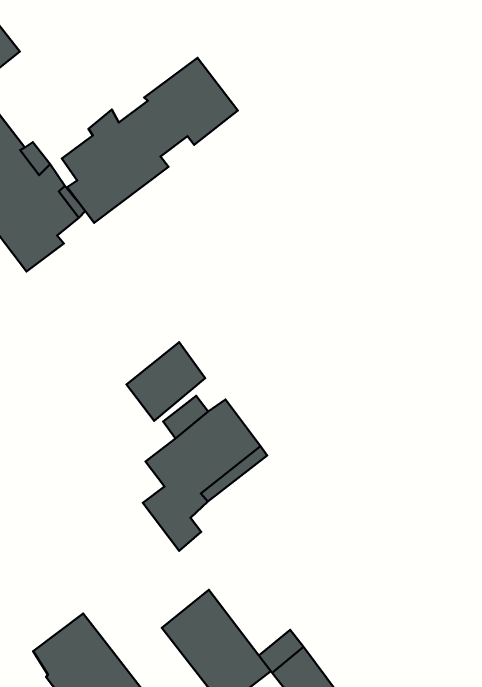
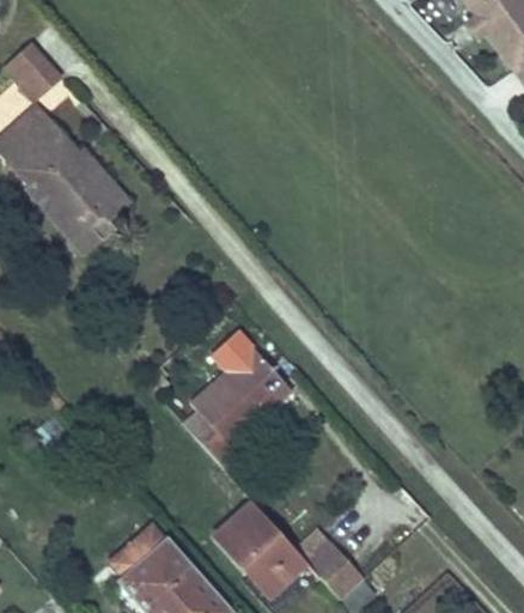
building: [62,58,238,223] -> none
building: [127,342,205,421] -> none

